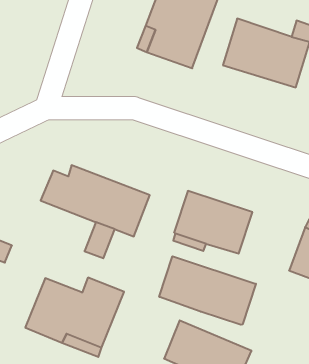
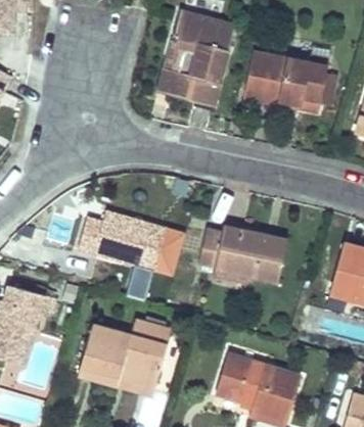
building: [159,256,256,325] -> none

